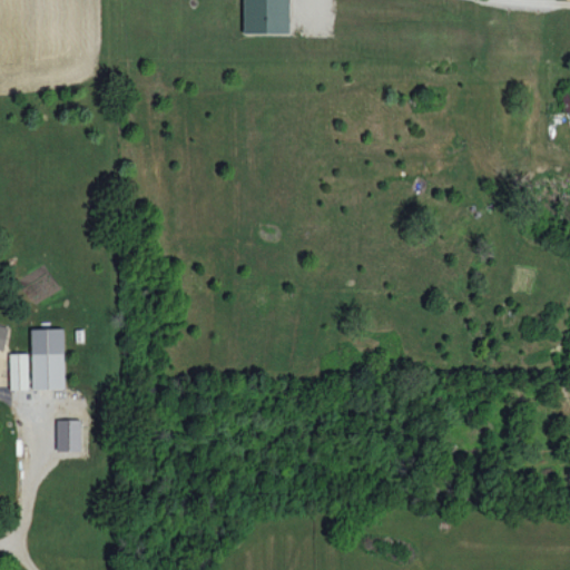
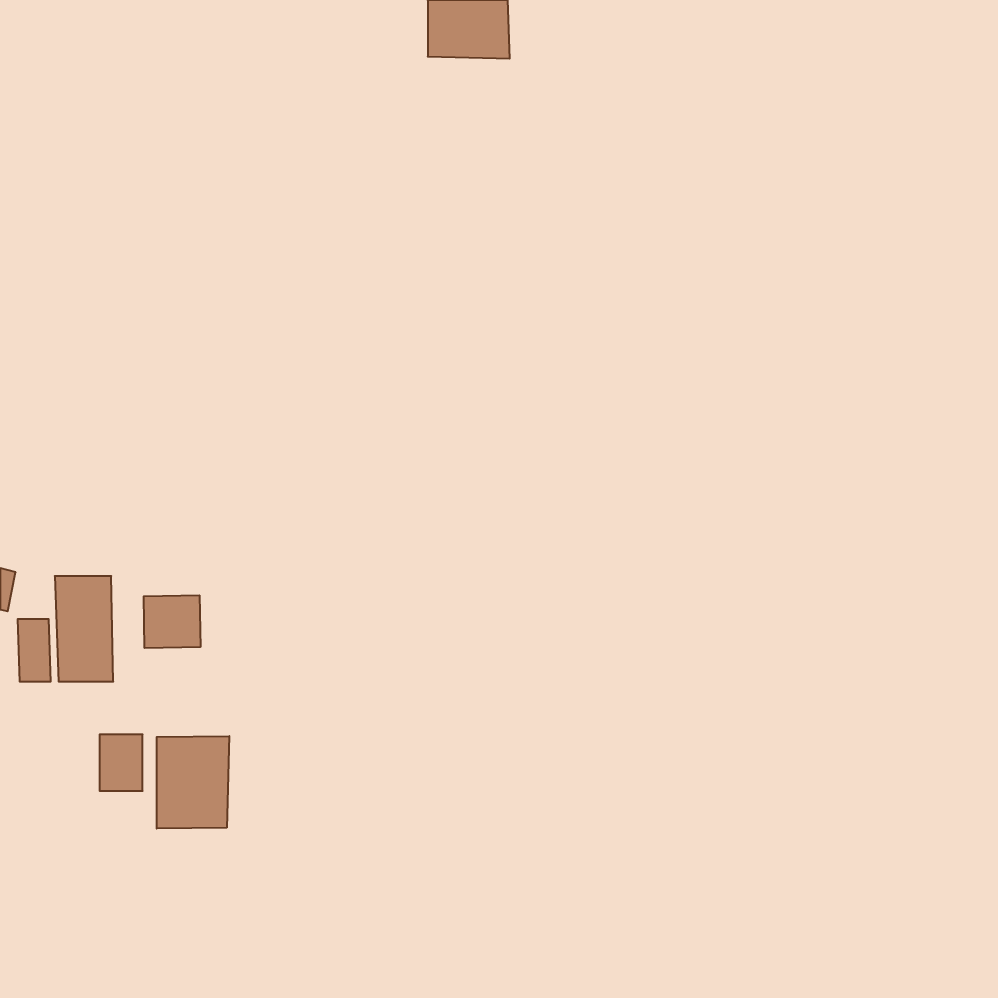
building: none -> [144,595,200,648]
building: none -> [157,736,229,829]

